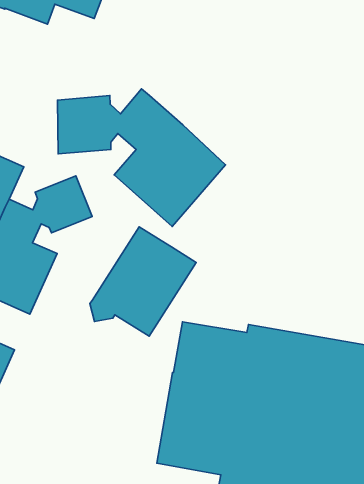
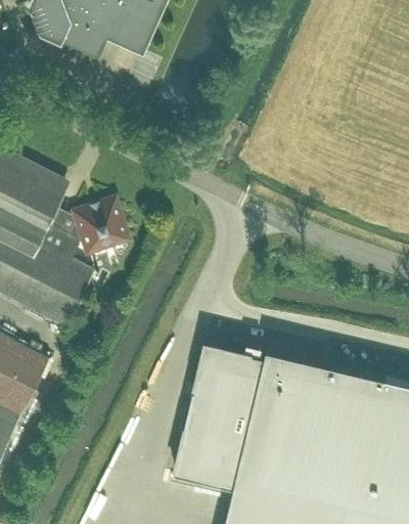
building: [58,89,226,226] -> none
building: [90,227,196,336] -> none

